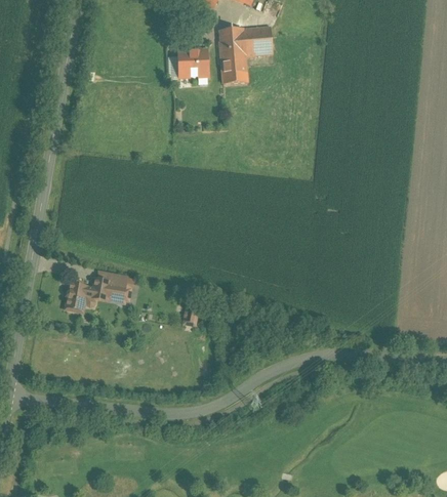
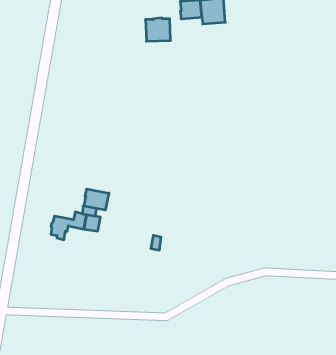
building: [220,47,248,82] -> none
building: none -> [84,189,109,210]

